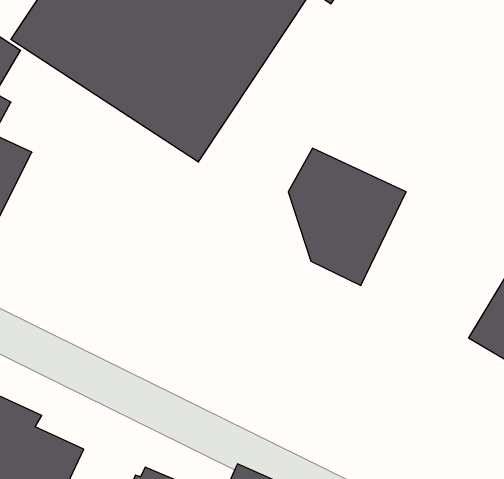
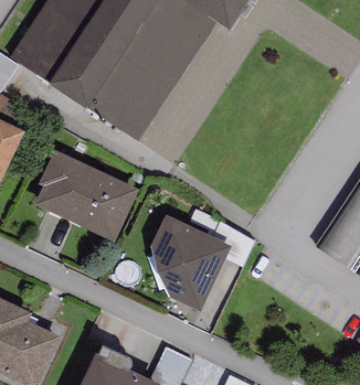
building: [288,148,406,286] -> [149,215,230,309]
building: none -> [34,148,138,239]

